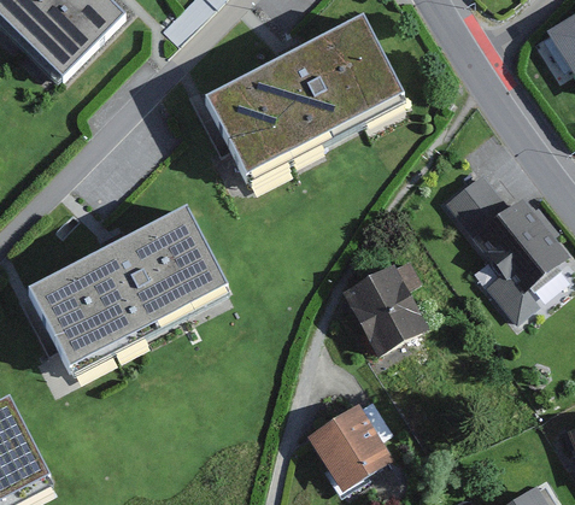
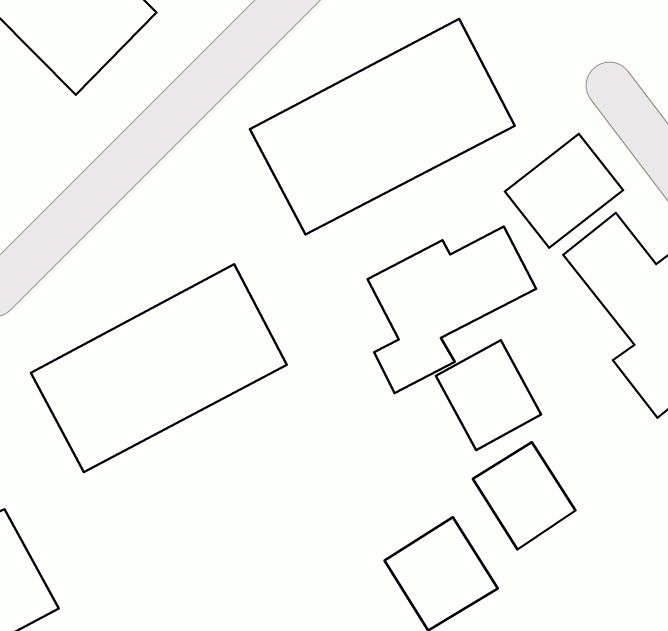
building: none -> [505,134,623,248]
building: none -> [368,226,536,393]
building: none -> [473,442,575,549]

